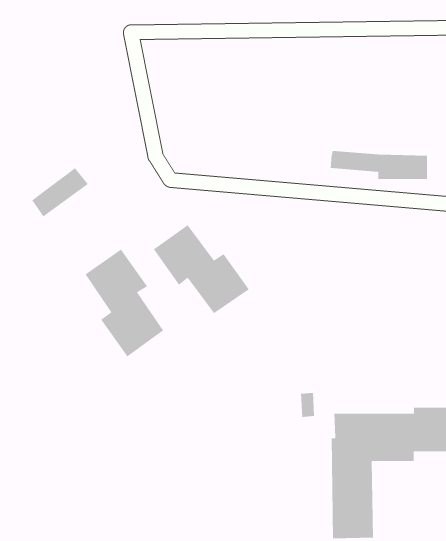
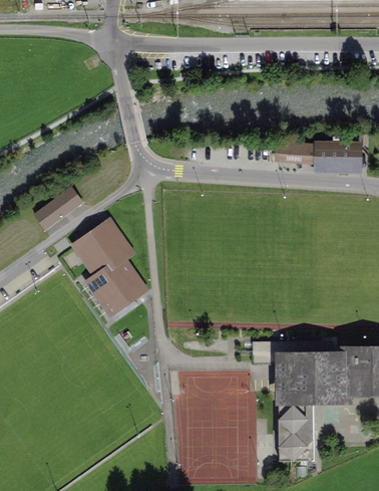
building: [31,167,89,217] -> [34,187,81,228]
building: [153,224,250,314] -> none

